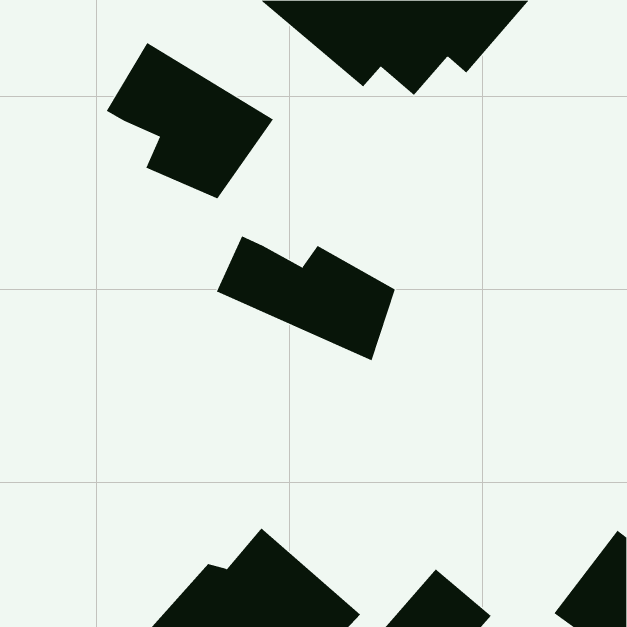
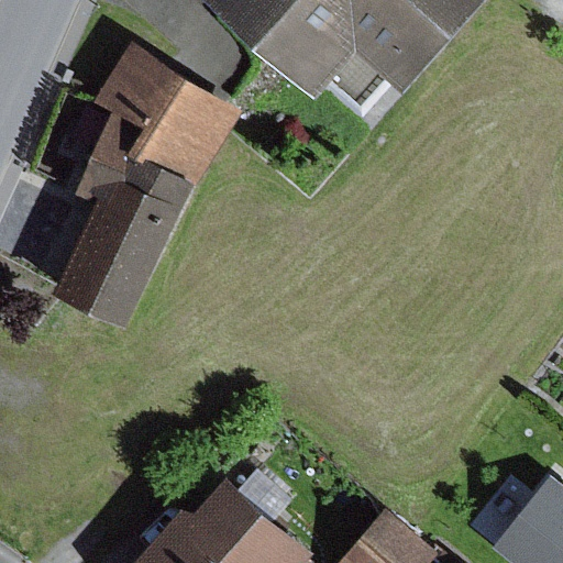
building: none -> [51,114,192,327]
building: [216,235,396,361] -> none

